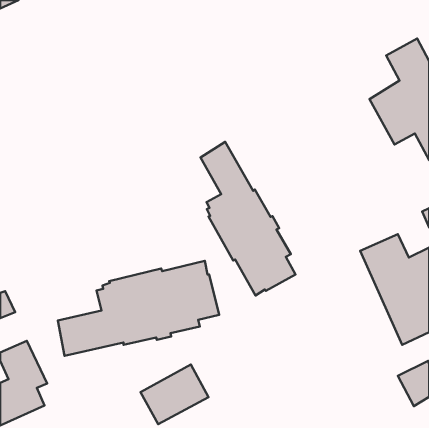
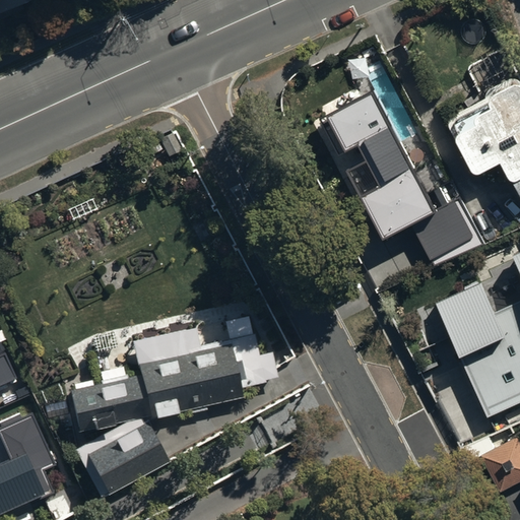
building: none -> [325,92,485,266]
building: [200,142,296,296] -> none
building: [141,364,209,424] -> [88,421,171,494]

